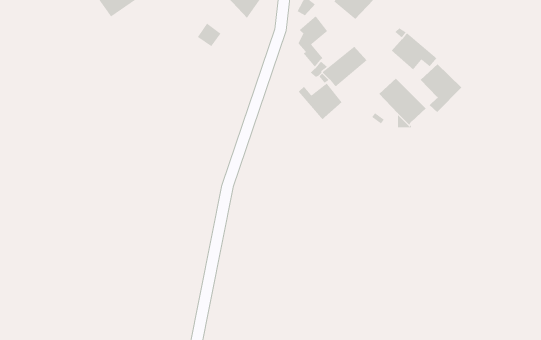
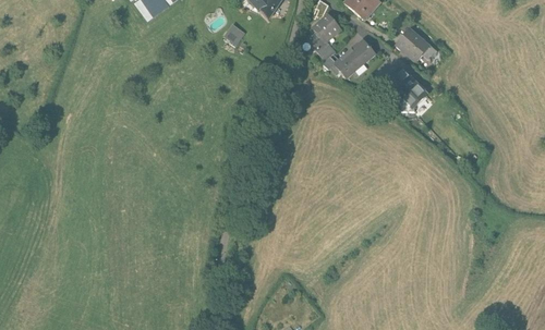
building: [420,64,462,113] -> none
building: [298,82,342,120] -> none

